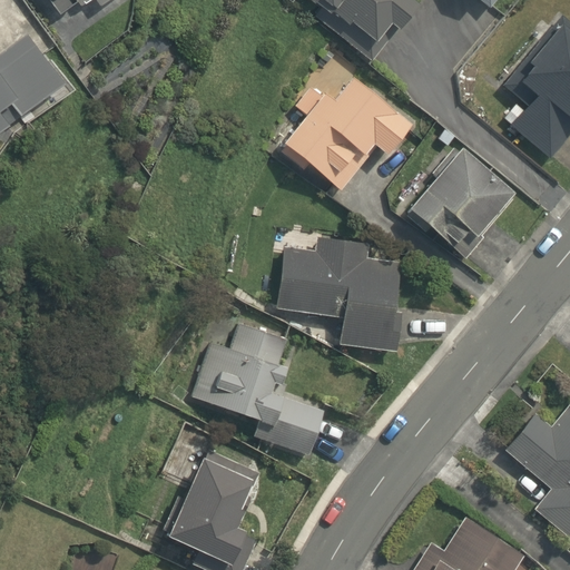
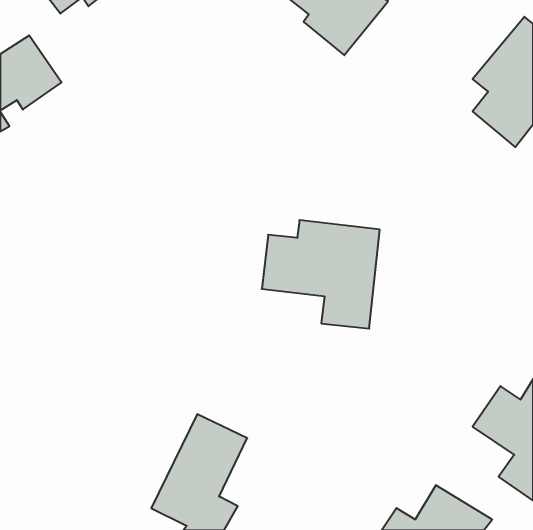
building: [278,73,414,193] -> none
building: [411,145,513,257] -> none
building: [191,338,326,454] -> none

